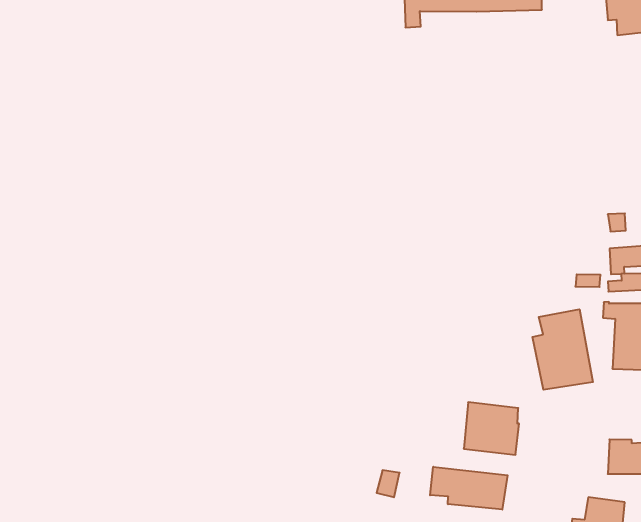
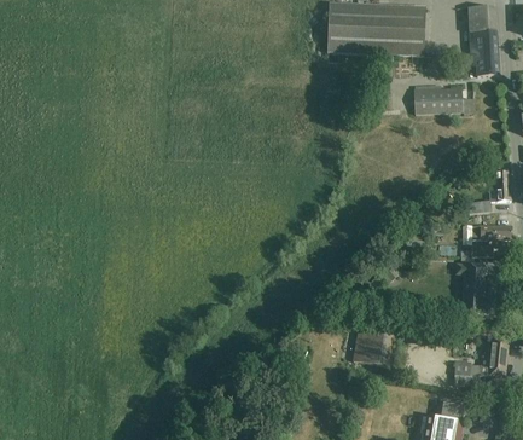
building: none -> [414,87,473,114]
building: [532,309,593,390] -> none
building: [430,467,508,510] -> none

